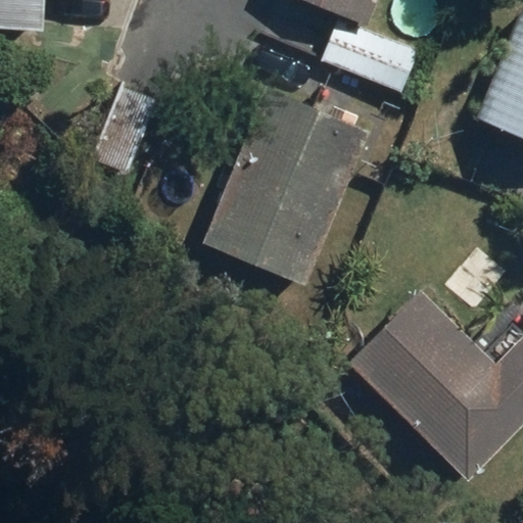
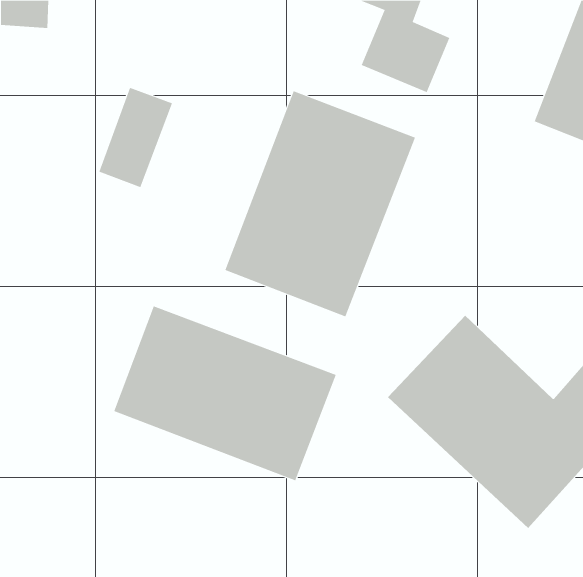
building: none -> [113,305,336,481]

